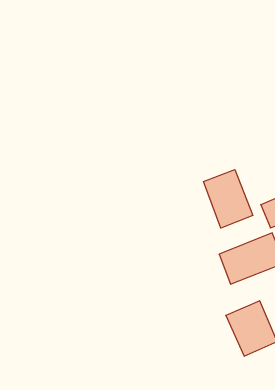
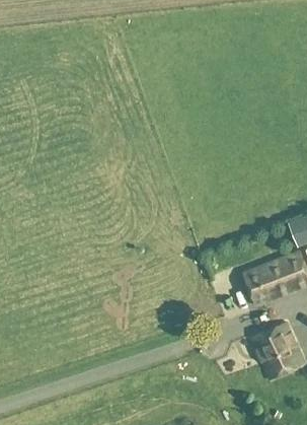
building: [203,170,253,228] -> none

